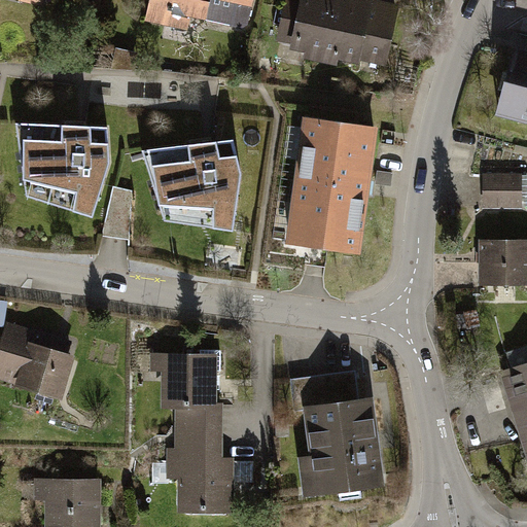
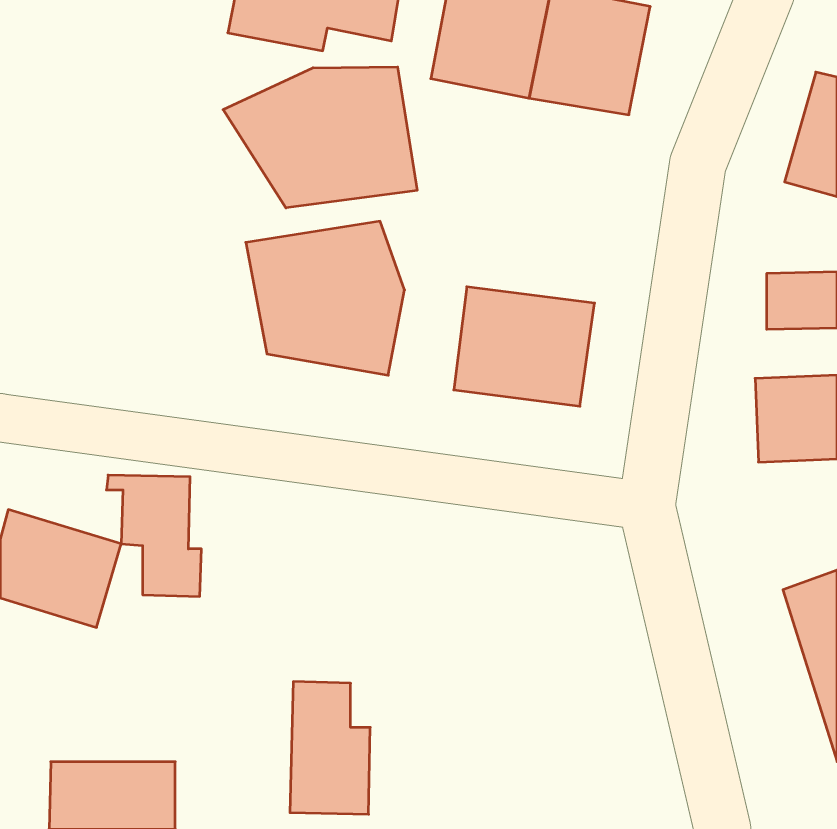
building: none -> [223,67,417,208]
building: [293,111,382,190] -> none
building: [22,124,120,225] -> none
building: [162,353,221,429] -> [106,475,201,596]
building: [283,363,379,498] -> none

